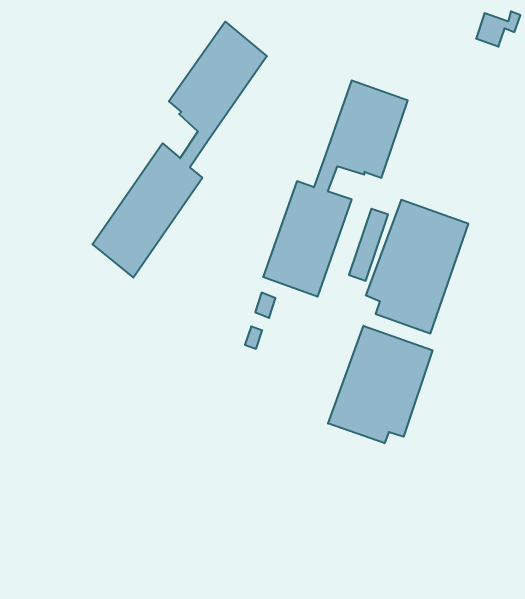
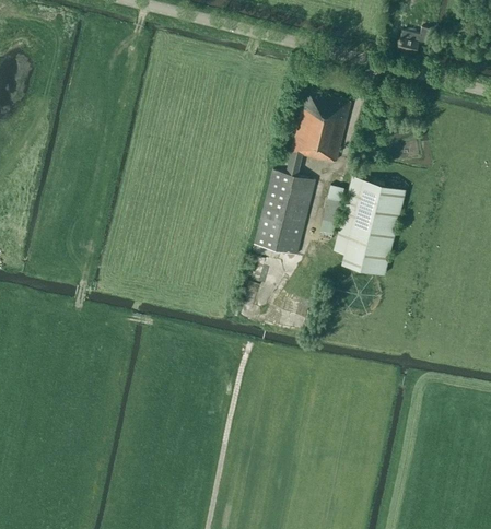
building: [92,22,267,278] -> none
building: [328,326,433,443] -> none

